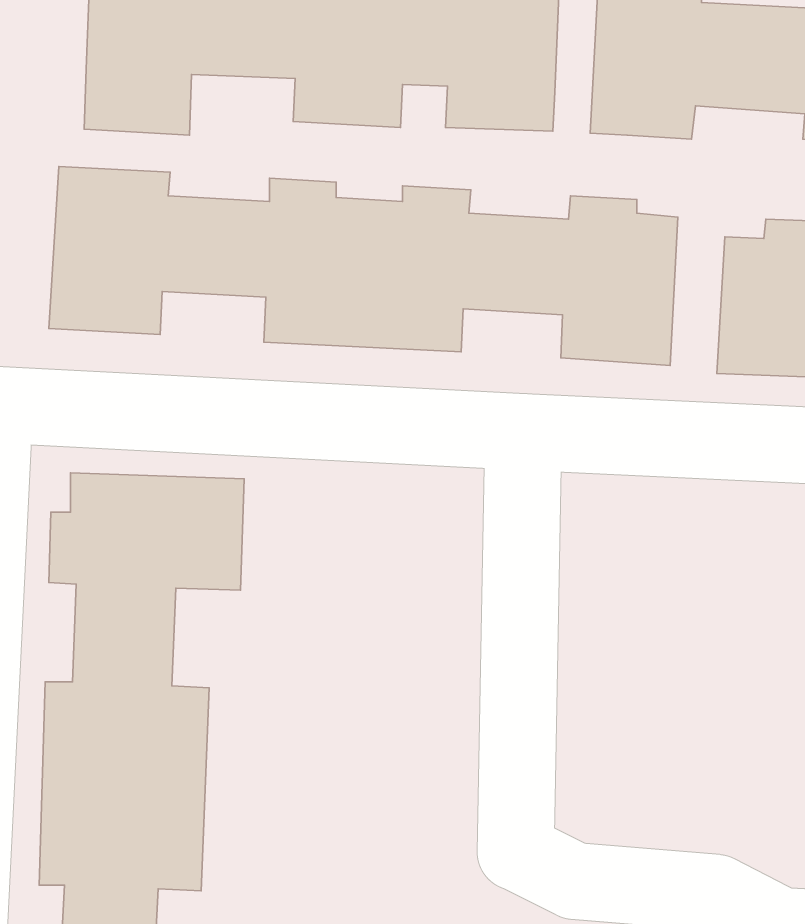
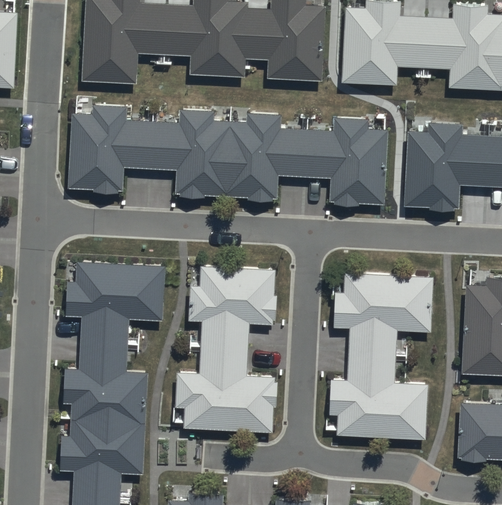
building: none -> [176,265,276,431]
building: none -> [327,272,433,438]

